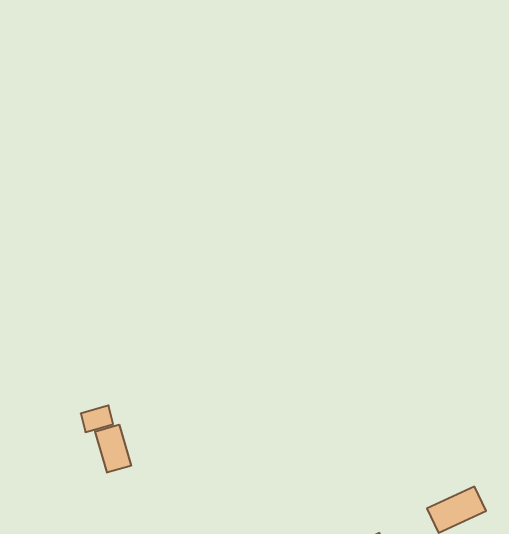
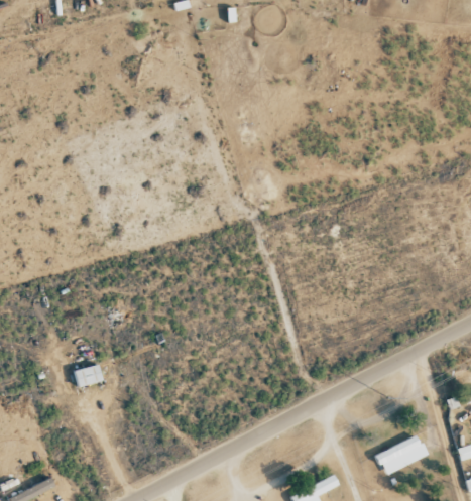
building: [95,425,131,473] -> none

